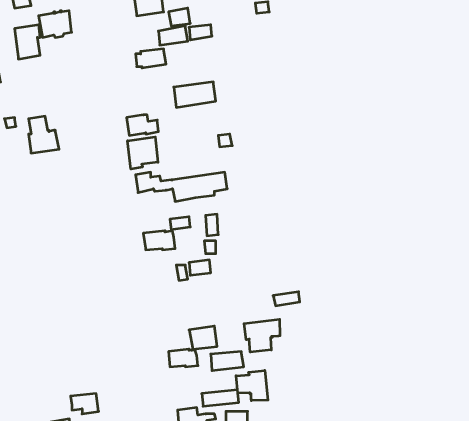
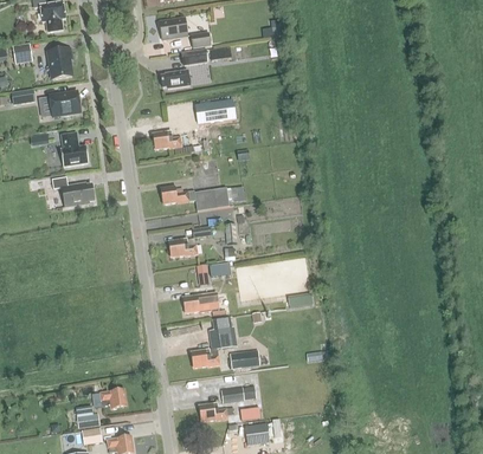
building: [39,11,72,37] -> [49,91,79,116]
building: [128,137,158,169] -> none
building: none -> [52,177,94,207]
building: none -> [182,293,219,312]
building: [244,319,280,352] -> none
building: [236,370,268,401] -> none

